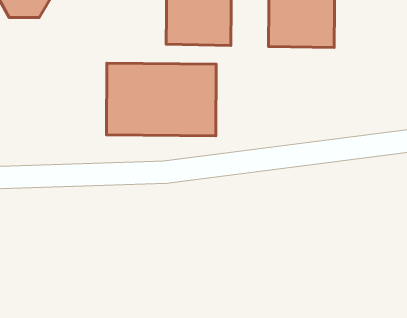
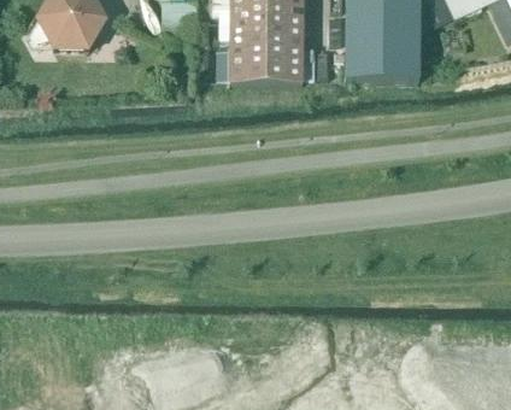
building: [107,63,216,136] -> none

